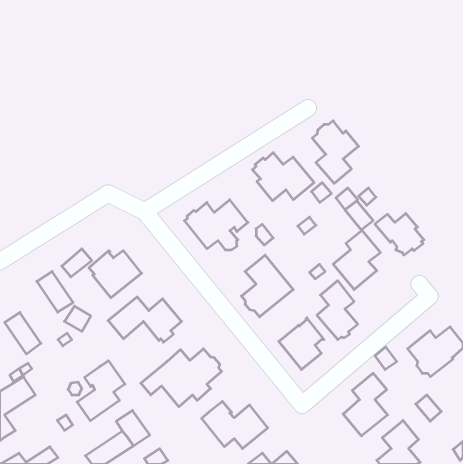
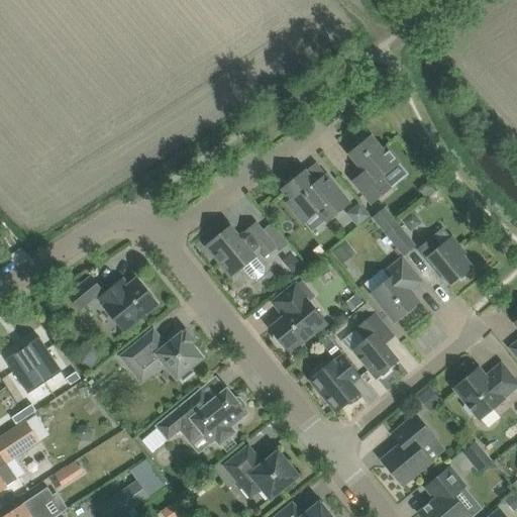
building: [37,271,73,312] -> [22,336,63,382]
building: [77,361,125,421] -> none

